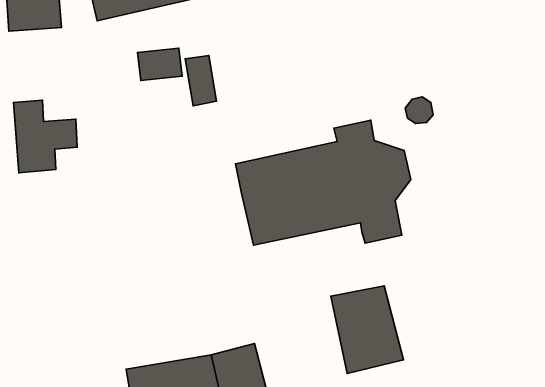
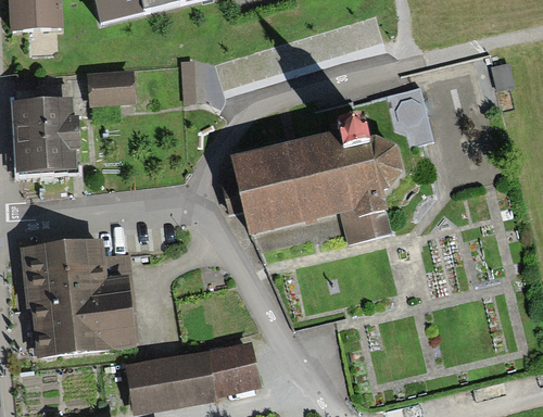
building: [137,48,182,81] -> [88,71,131,102]
building: none -> [16,239,138,358]
building: [331,286,403,373] -> none

